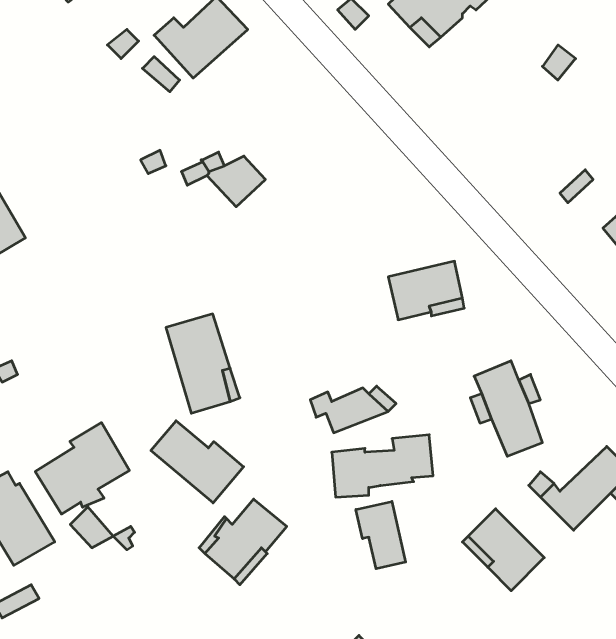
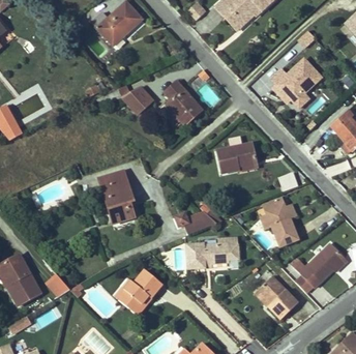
building: none -> [265,55,323,113]
building: none -> [160,83,201,126]
building: [151,421,244,503] -> none
building: [35,423,129,514] -> none
building: [356,501,406,569] -> none

